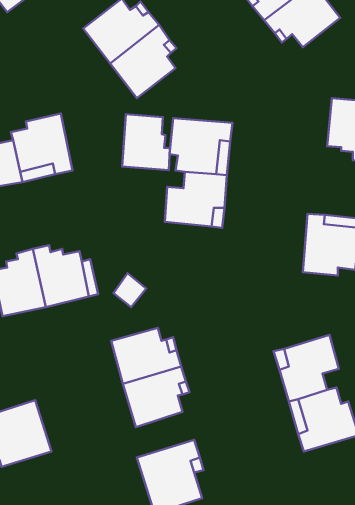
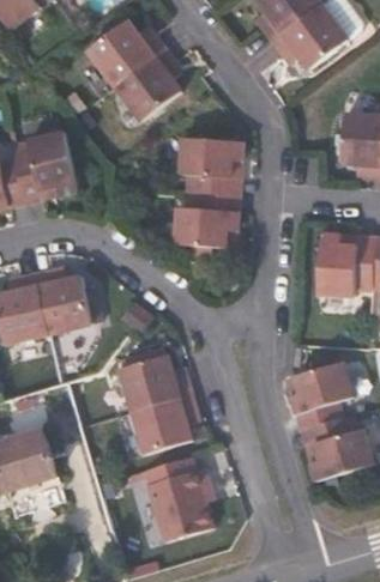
building: [122,114,170,170] -> none

